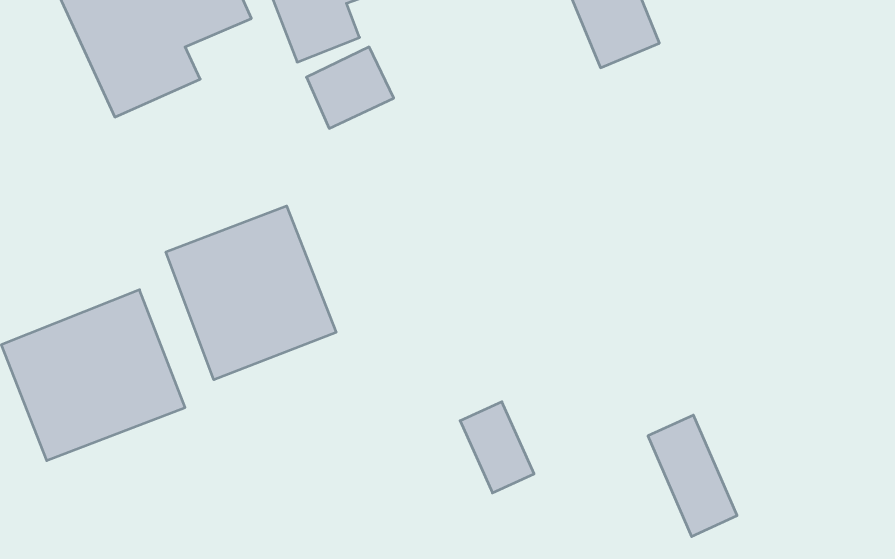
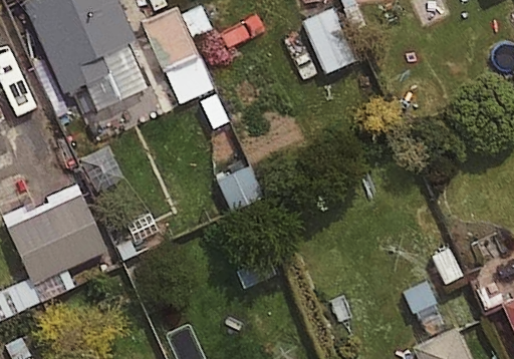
building: [166,206,336,380] -> none

